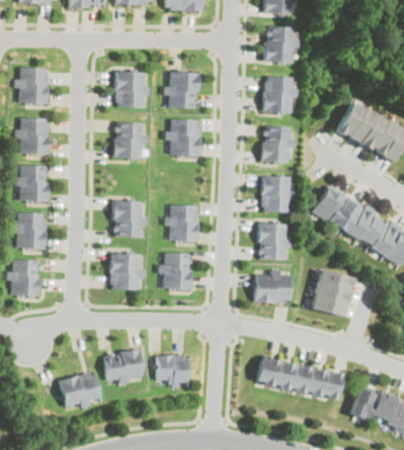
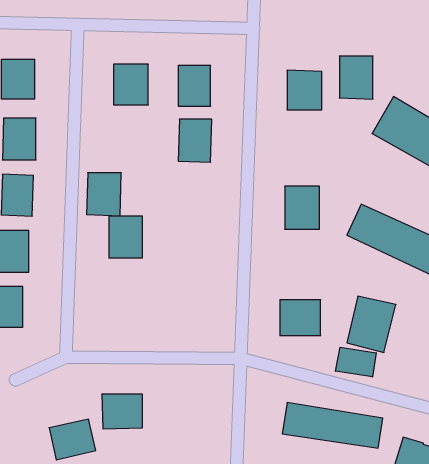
building: [264,28,293,65] -> [339,56,373,99]
building: [113,122,143,159] -> [87,173,121,216]
building: [259,125,290,163] -> none
building: [168,206,195,241] -> none
building: [258,222,287,260] -> none
building: [109,254,138,289] -> none
building: [162,254,188,289] -> none
building: none -> [336,347,376,377]
building: [157,356,189,385] -> none

